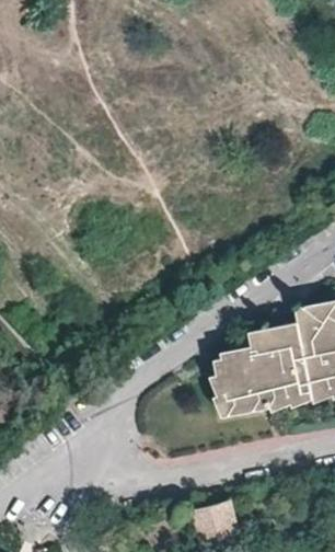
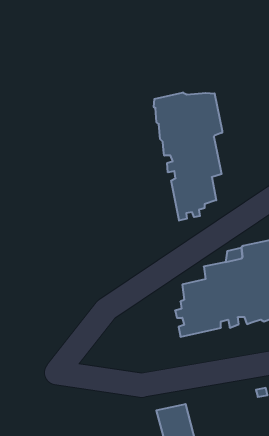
building: none -> [154,92,222,221]

